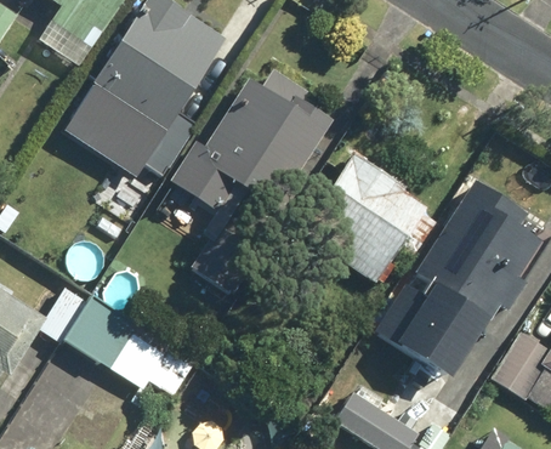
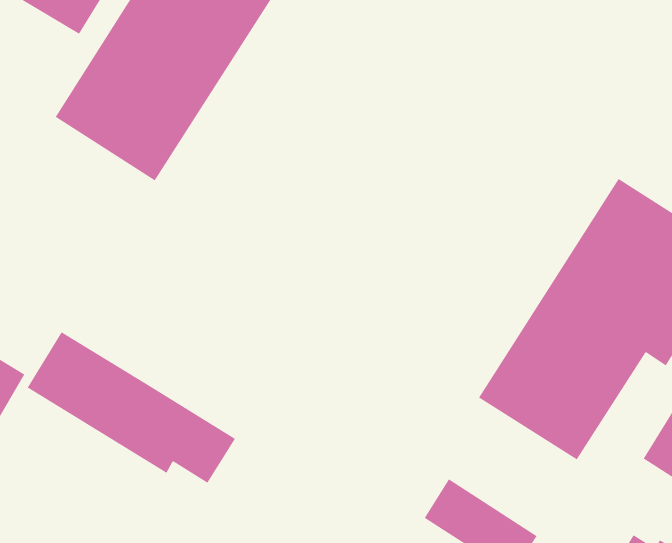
building: [170,67,333,295] -> none
building: [299,155,426,286] -> none

